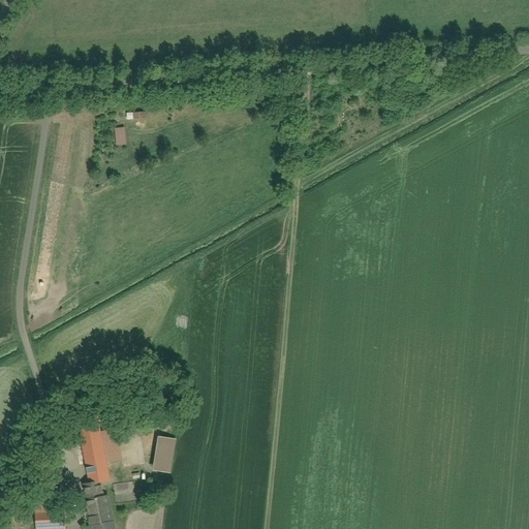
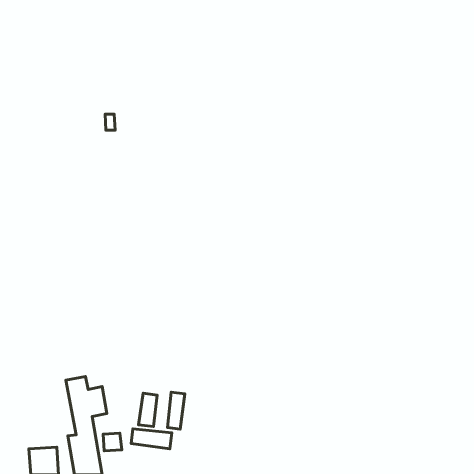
building: none -> [167,392,185,429]
building: none -> [131,429,172,449]

